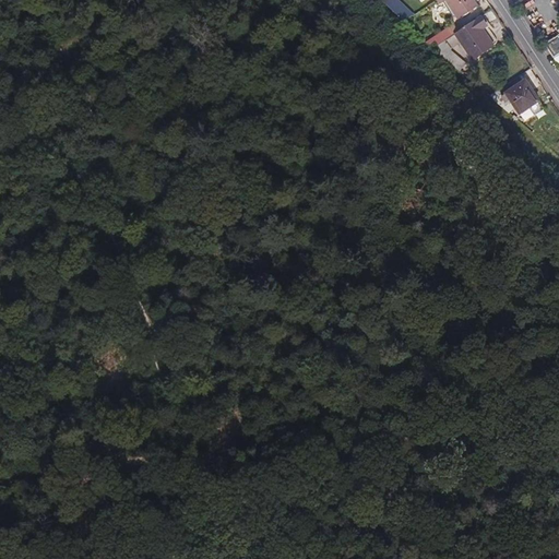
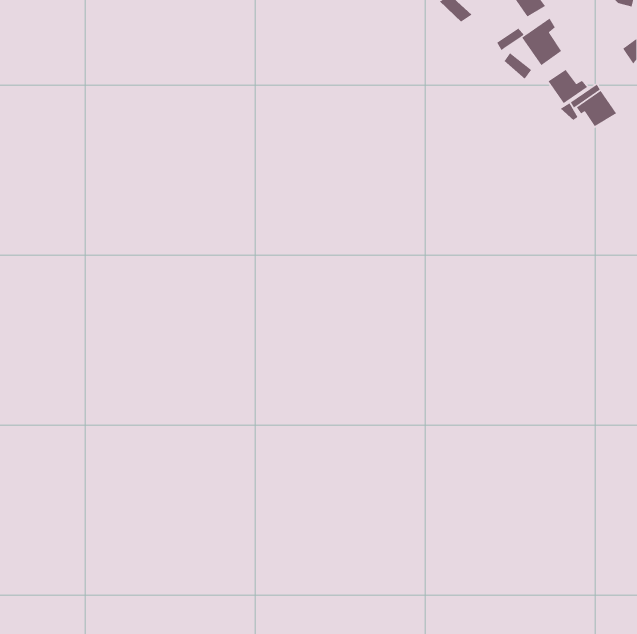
building: none -> [548,69,588,104]

